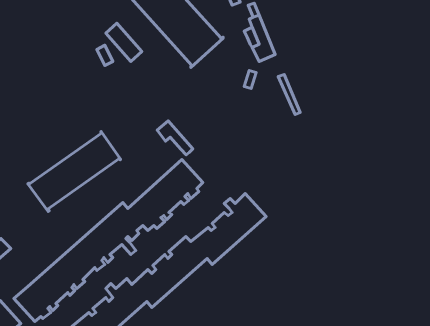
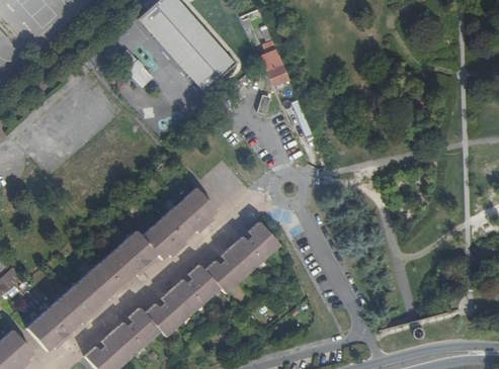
building: [157,121,193,155] -> none
building: [28,131,120,211] -> none

